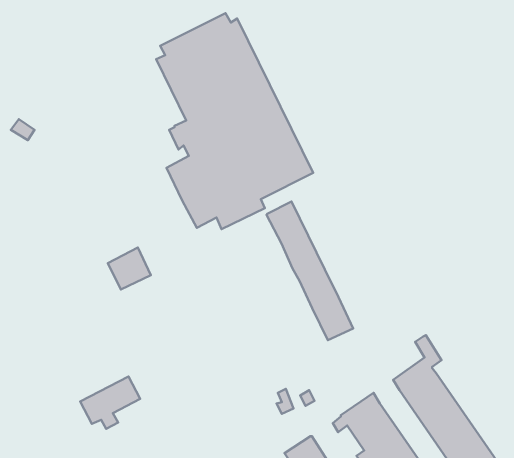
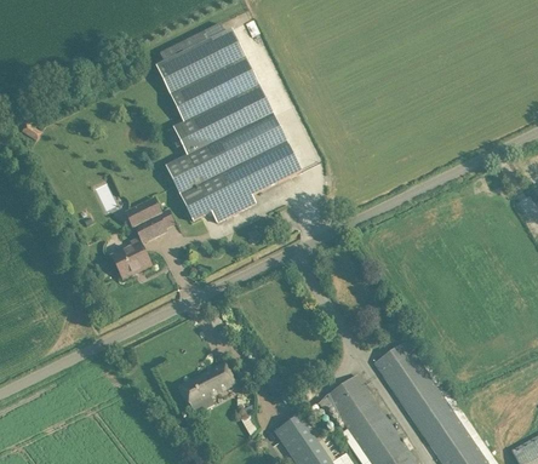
building: [267,202,353,340] -> none
building: none -> [132,197,167,240]
building: [80,377,140,429] -> [181,362,236,411]

